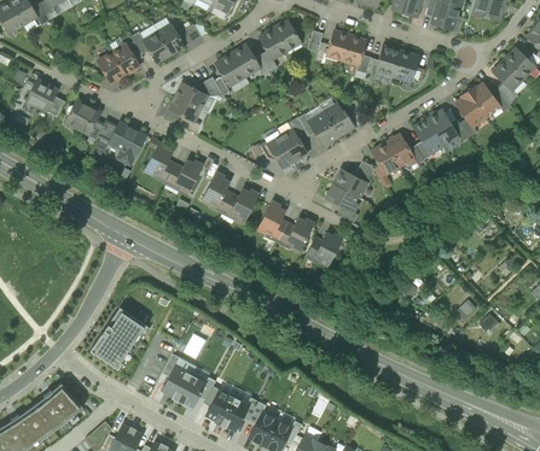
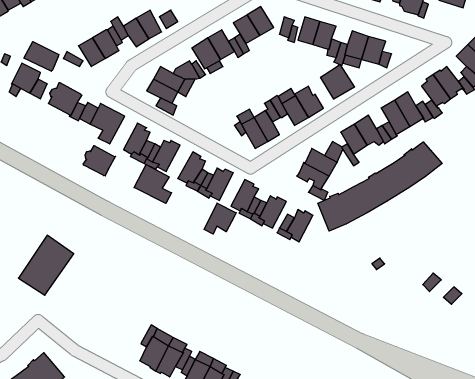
building: none -> [24,42,59,71]
building: none -> [321,65,355,99]
building: none -> [318,142,442,231]
building: none -> [83,146,116,176]
building: none -> [134,164,172,203]
building: none -> [204,203,236,234]
building: [89,306,147,369] -> [18,235,74,295]

